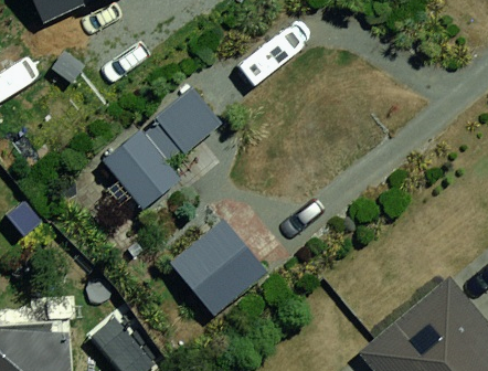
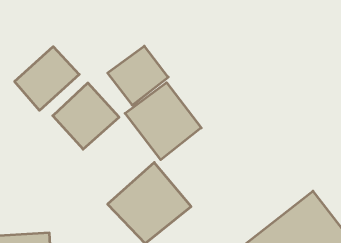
building: none -> [15,47,79,110]
building: none -> [125,83,201,160]

